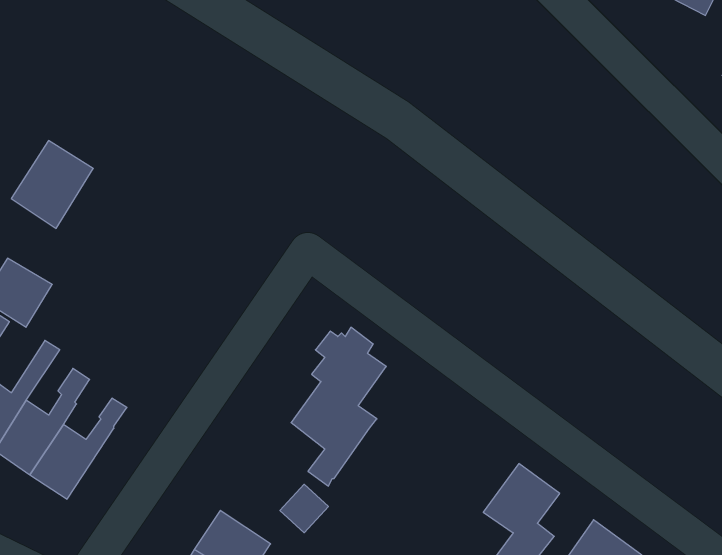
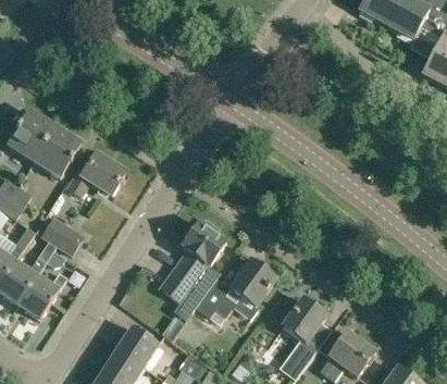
building: none -> [34,126,80,176]
building: none -> [67,152,127,196]
building: none -> [41,216,83,255]
building: none -> [231,260,275,307]
building: none -> [196,277,236,318]

